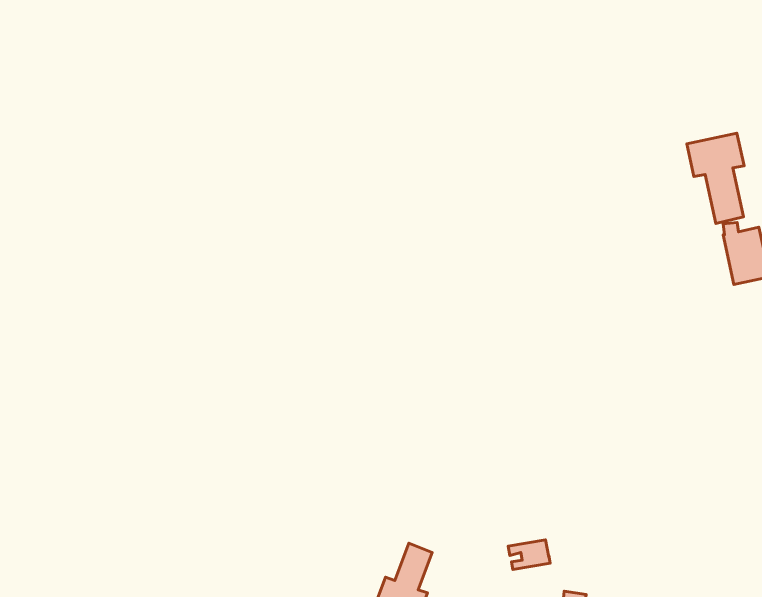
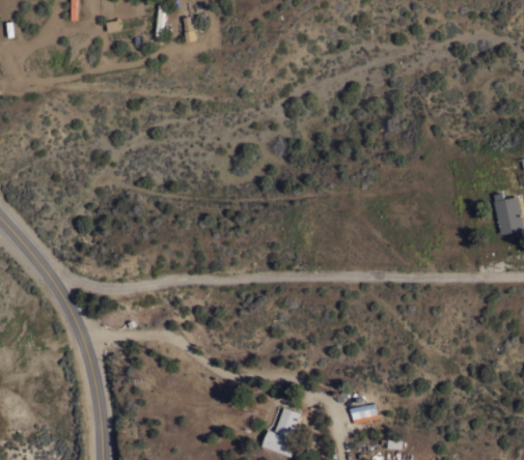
building: [687,133,744,224] -> none

